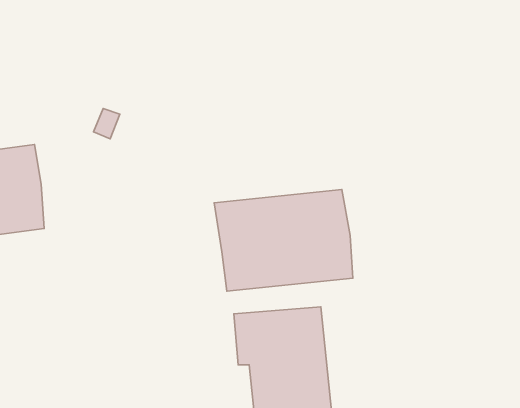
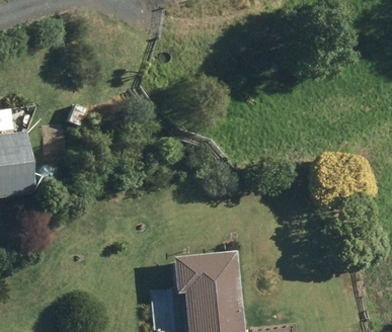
building: [214,189,353,291] -> none

